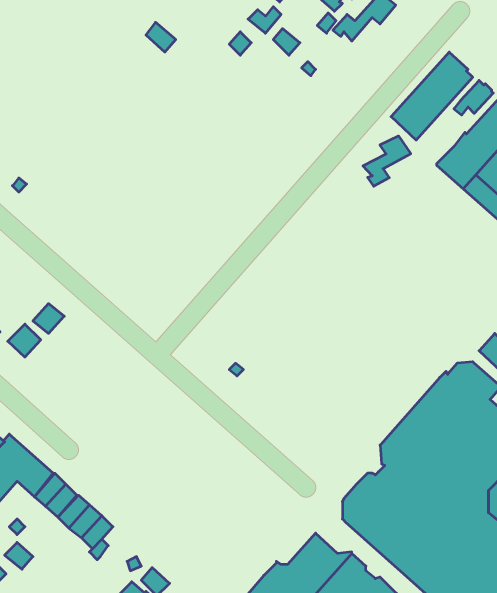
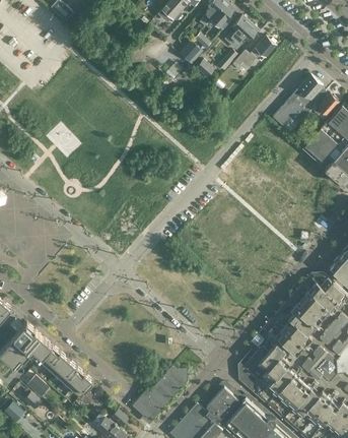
building: [363,136,411,186] -> none
building: none -> [131,368,180,420]

